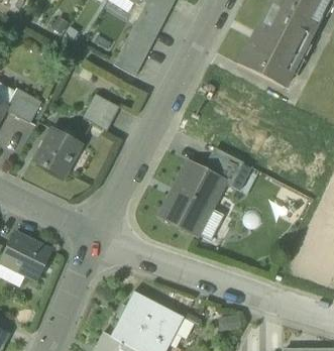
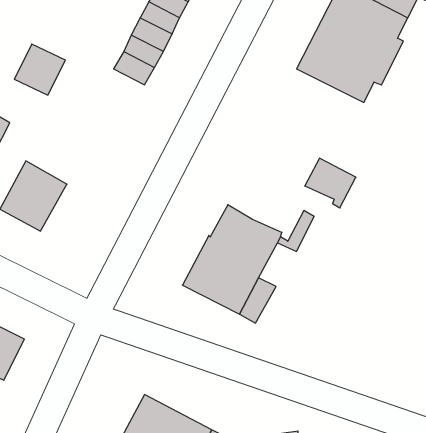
building: [84,92,119,127] -> [14,44,65,95]
building: [208,149,243,184] -> [305,158,356,208]

